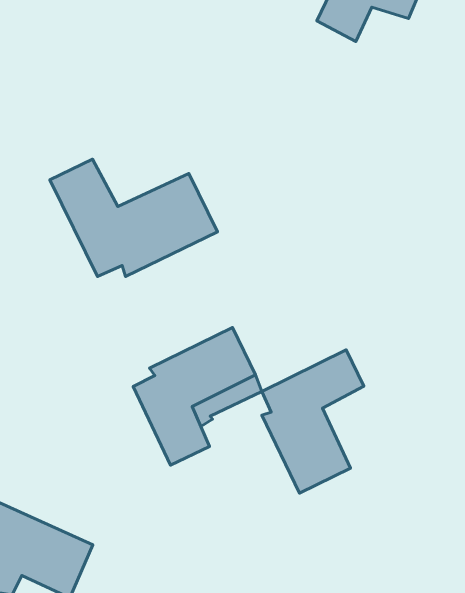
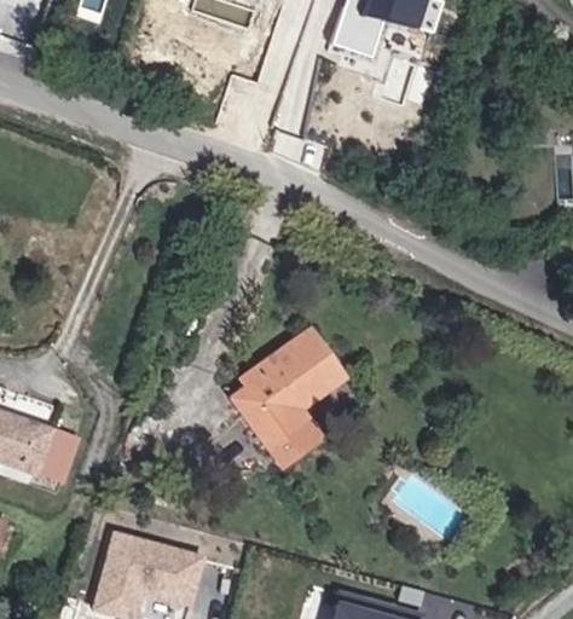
building: [50,159,218,277] -> none
building: [262,350,364,493] -> none

